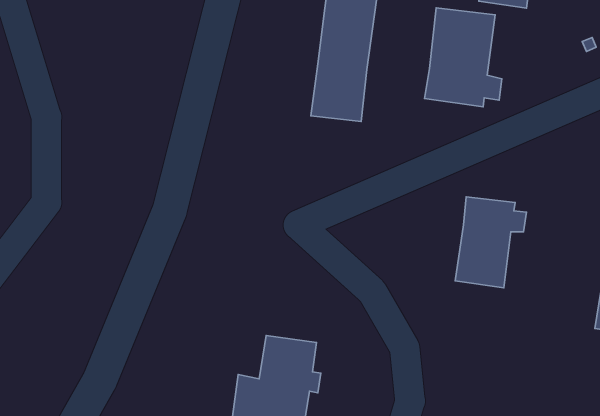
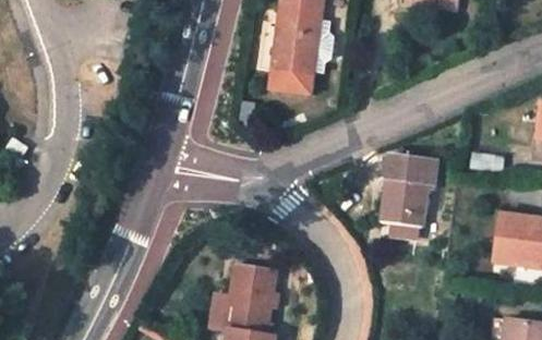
building: [425,8,502,107] -> none

